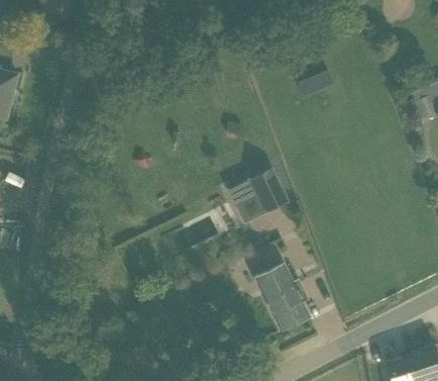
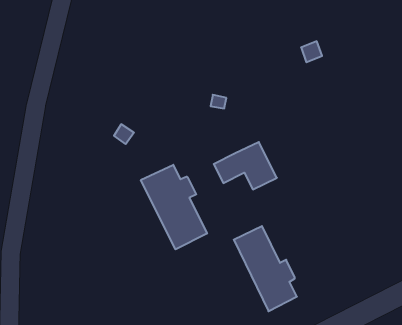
building: none -> [141,165,207,249]

